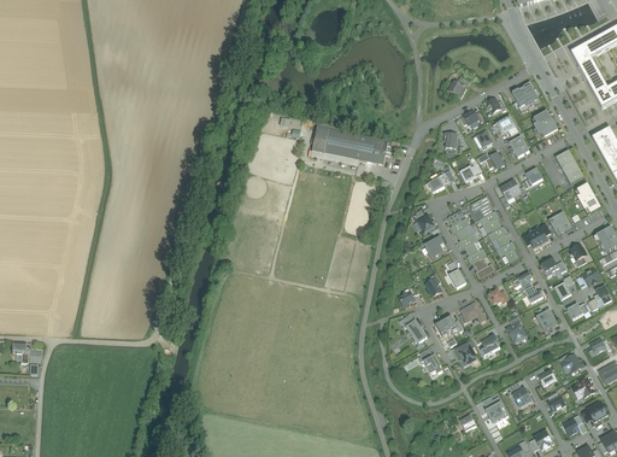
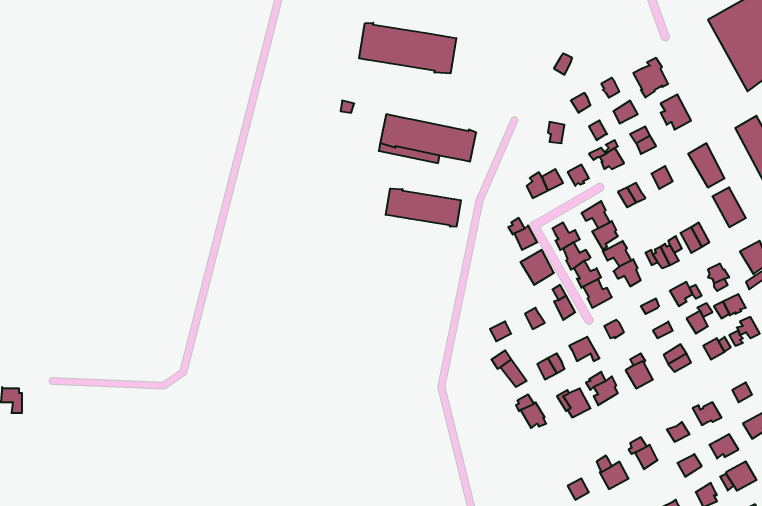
building: none -> [359,23,456,73]
building: none -> [386,188,461,227]

